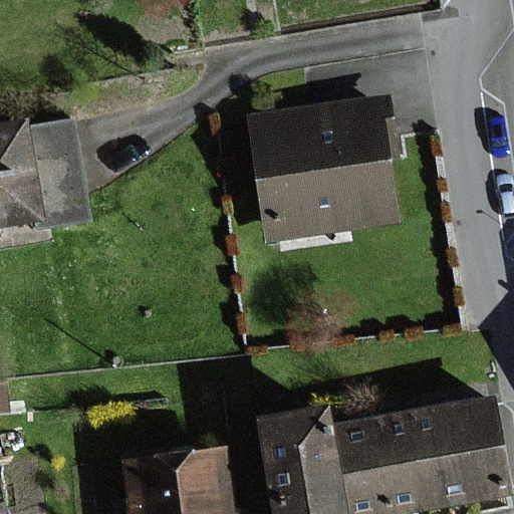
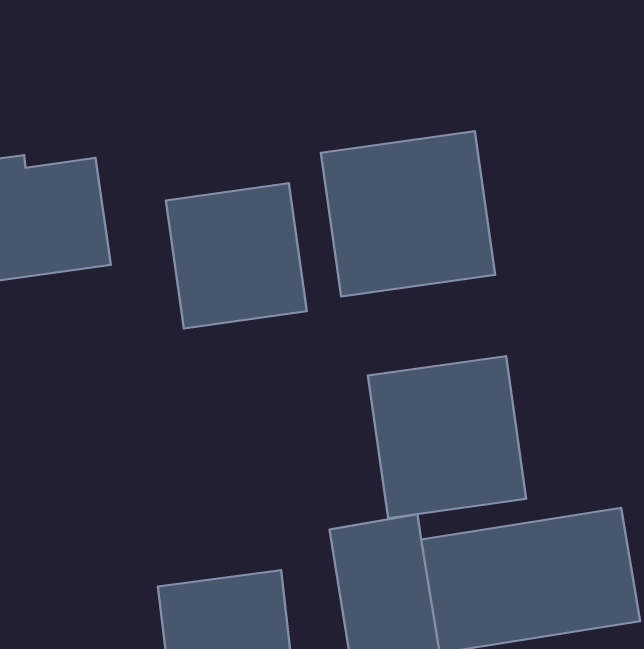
building: none -> [166,183,307,328]
building: none -> [368,356,526,518]

